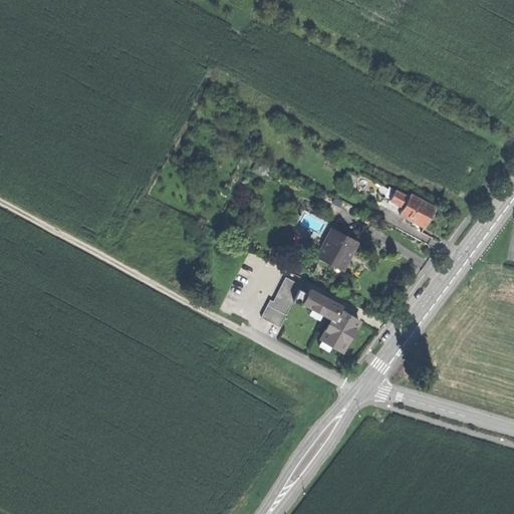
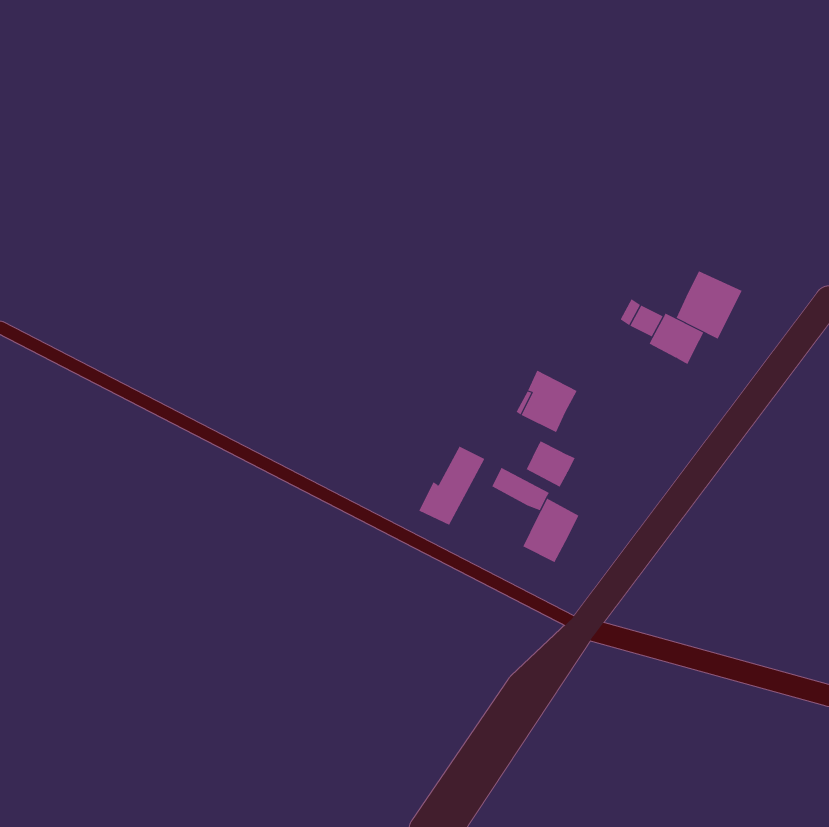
building: none -> [676,270,742,339]
building: none -> [526,441,576,487]

